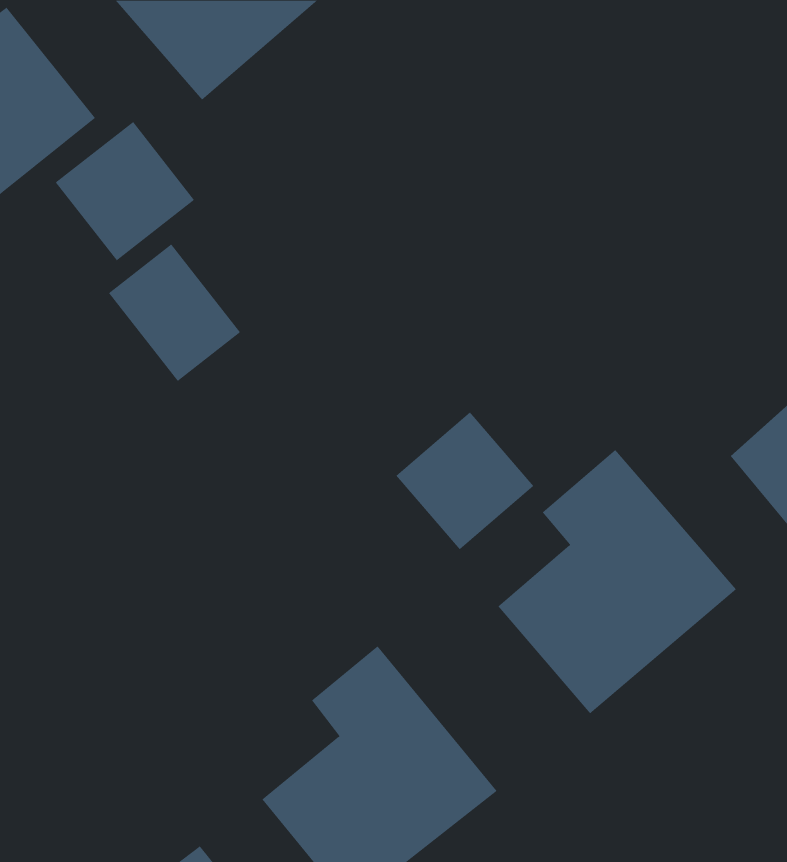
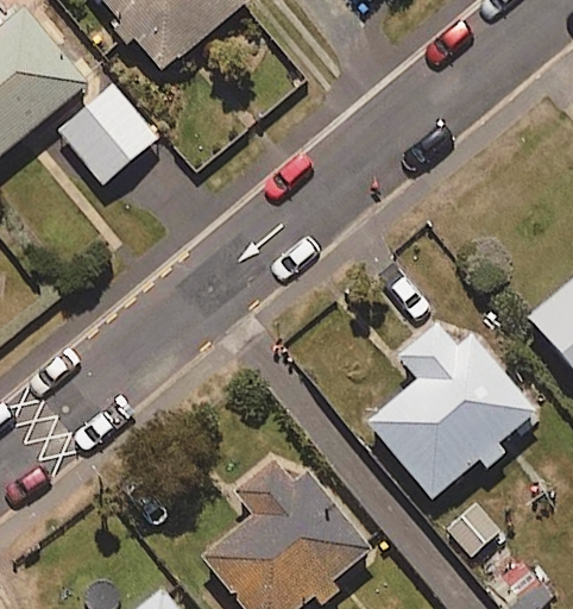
building: [108,243,241,382] -> none
building: [395,411,534,550] -> none

